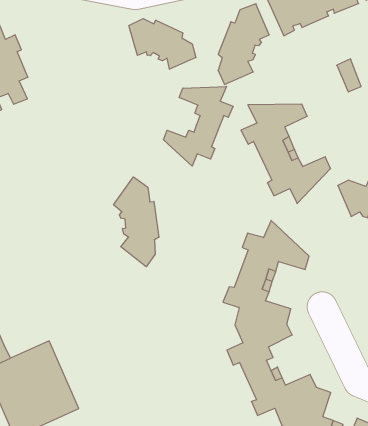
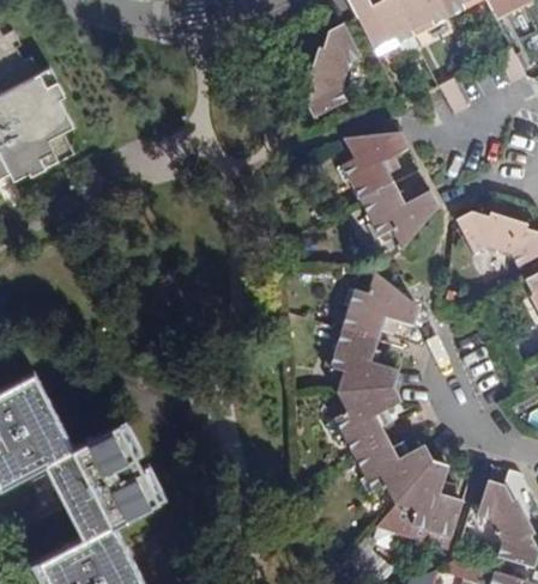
building: [129,19,196,69] -> none
building: [163,86,233,166] -> none
building: [114,177,159,267] -> none

